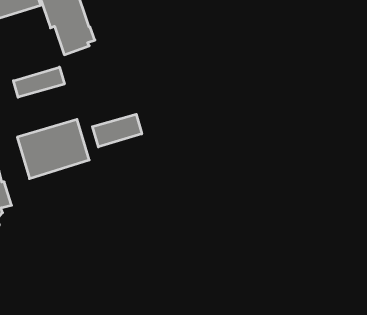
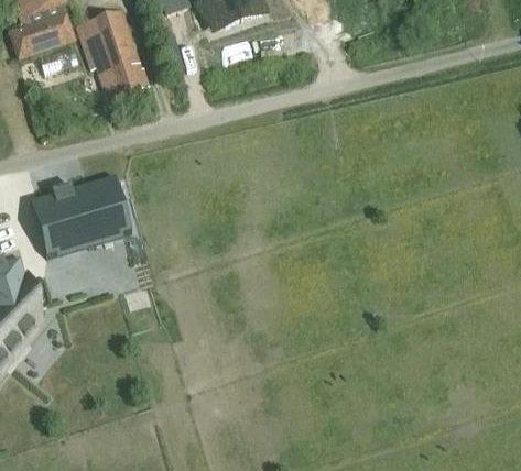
building: [13,67,64,97] -> none
building: [92,114,142,147] -> none

